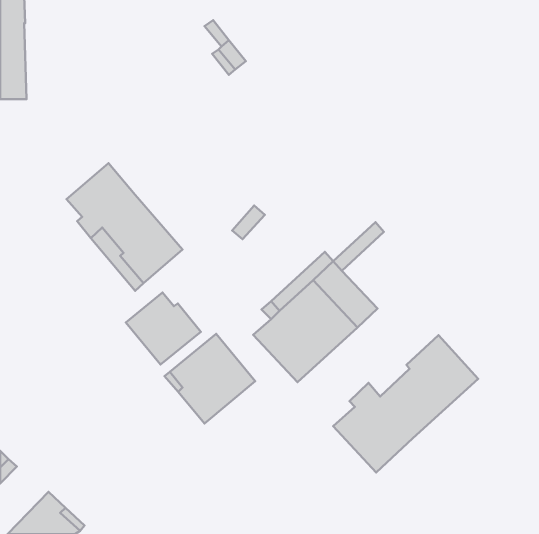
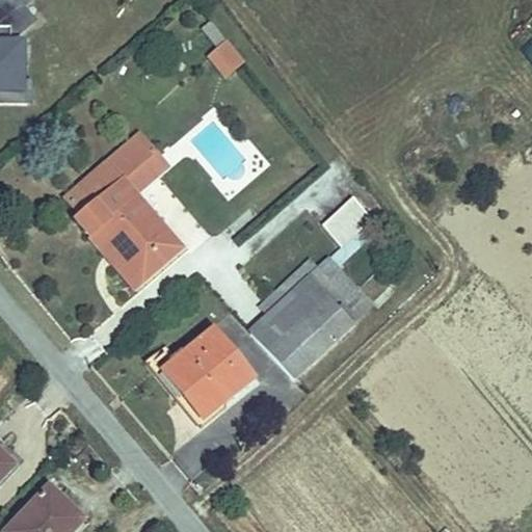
building: none -> [107,133,166,192]
building: none -> [322,195,371,244]
building: [126,292,201,365] -> none
building: [333,335,478,473] -> none

